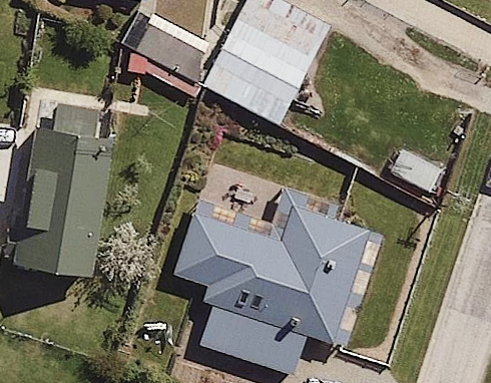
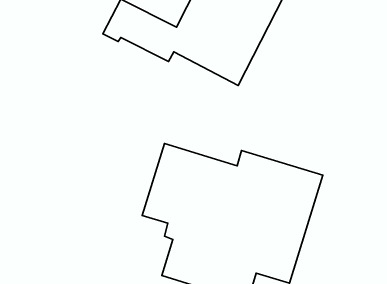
building: [10,124,116,265] -> none

